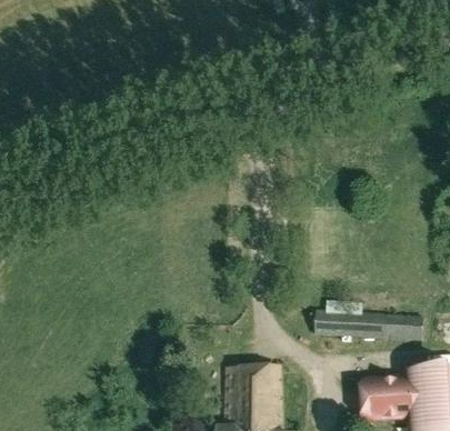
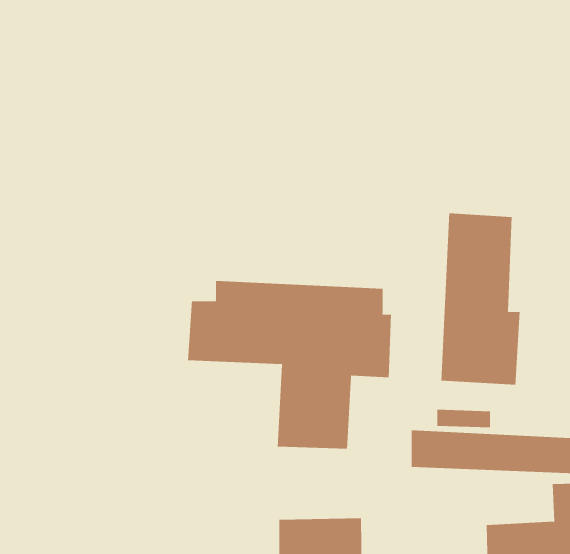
building: none -> [441,213,520,385]
building: none -> [187,280,392,449]

